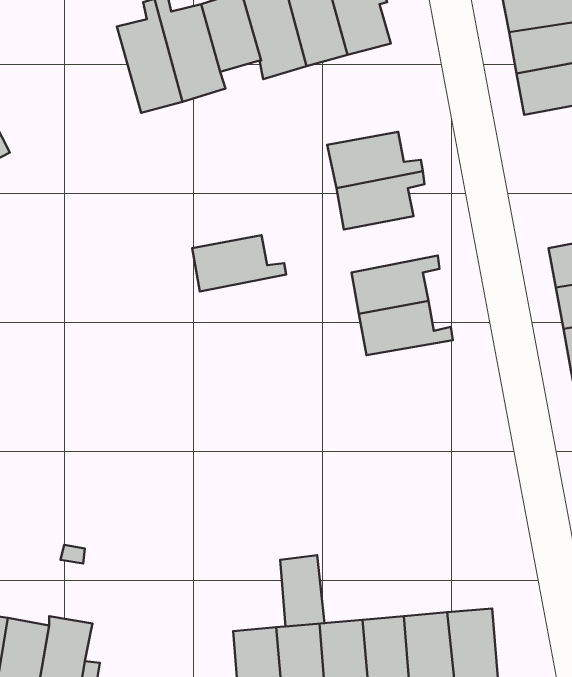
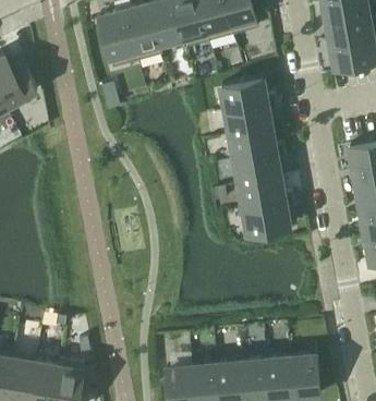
building: [192,235,286,291] -> [230,127,284,160]
building: none -> [243,199,295,234]
building: [280,555,325,626] -> none

